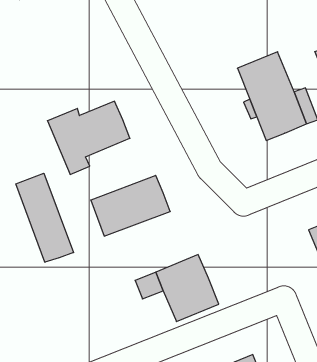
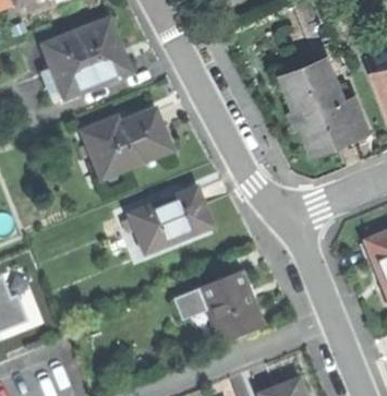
building: none -> [39,19,128,98]
building: [16,173,74,262] -> none

